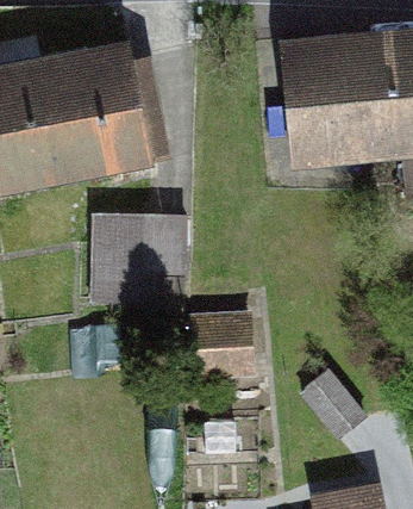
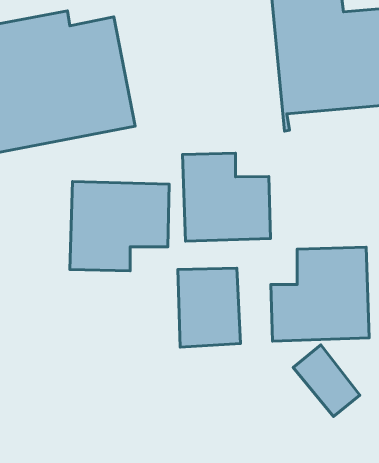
building: none -> [182,153,270,241]
building: none -> [271,247,369,341]

